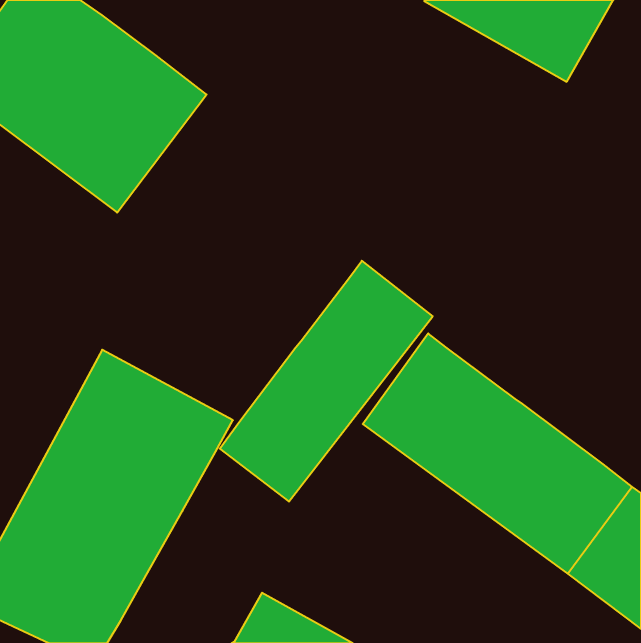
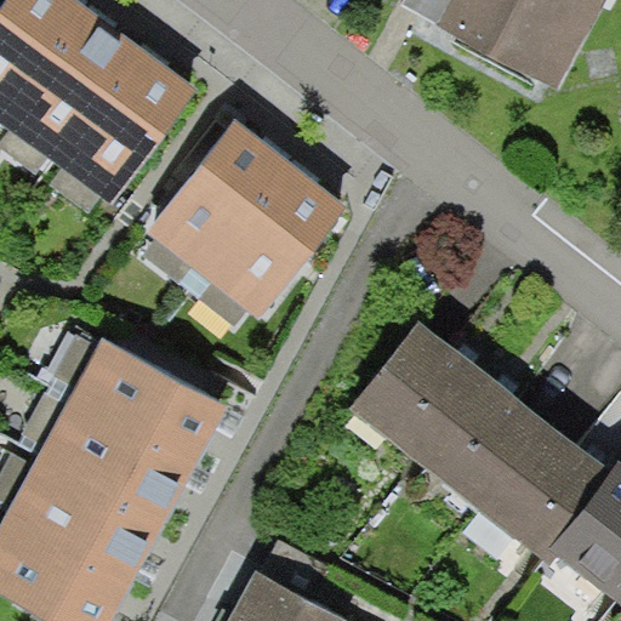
building: none -> [142,120,351,329]
building: [220,261,433,502] -> none

